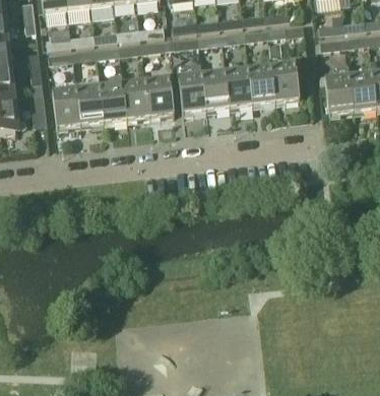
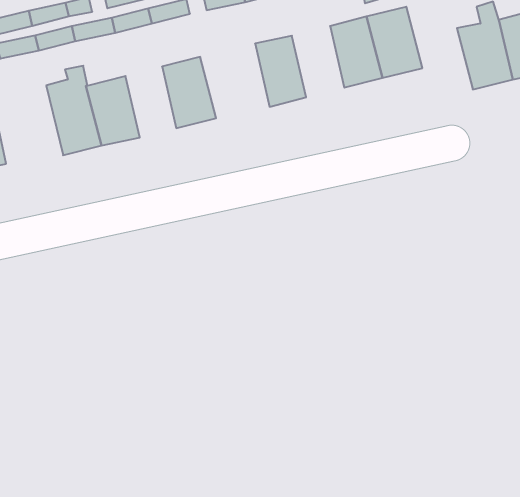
building: [224,66,251,107] -> none
building: [176,71,205,113] -> none
building: [122,78,148,119] -> none
building: [51,81,79,127] -> none

